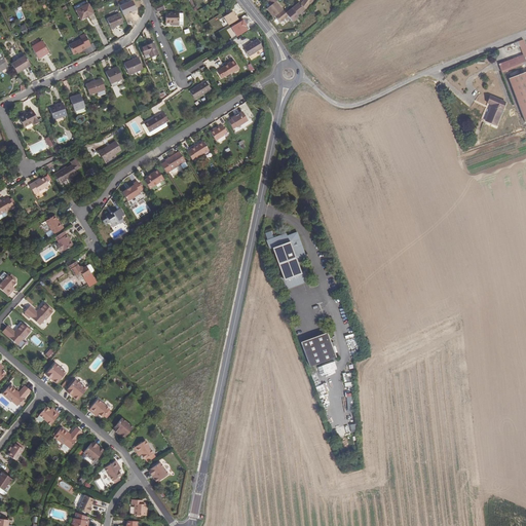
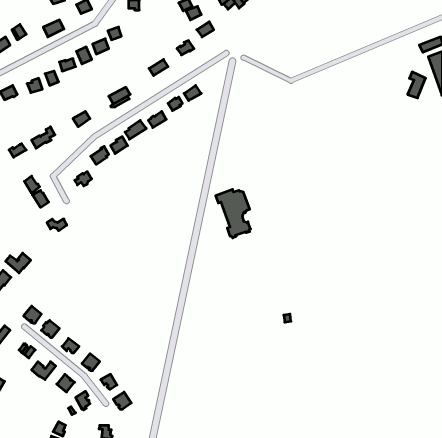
building: [301,329,334,364] -> none

